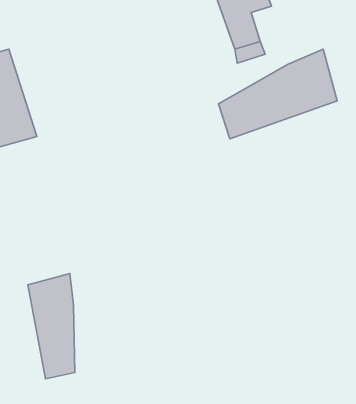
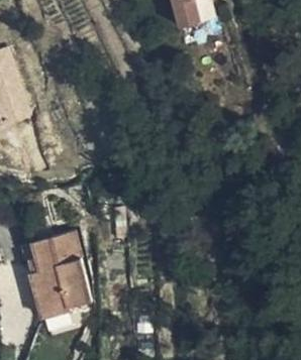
building: [218,49,337,139] -> none
building: none -> [56,228,89,310]

